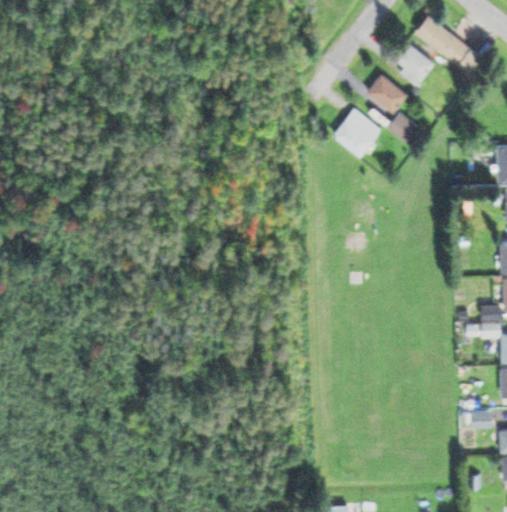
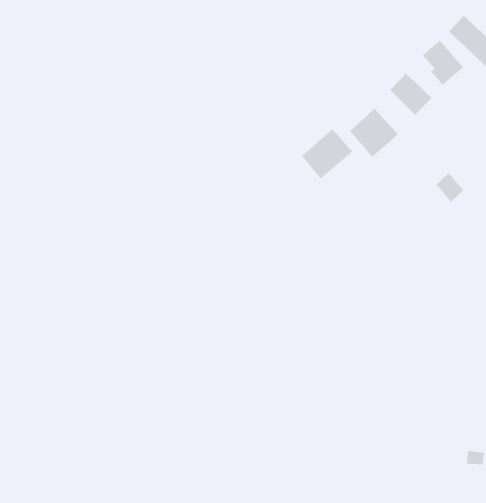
building: [389,113,416,141] -> [435,172,464,203]
building: none -> [301,129,353,180]

